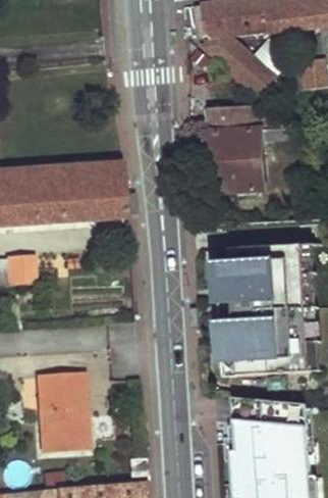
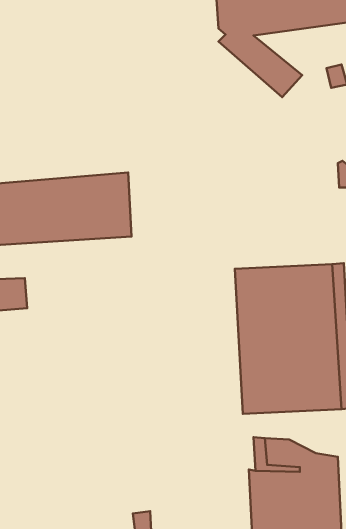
building: [208,99,285,192] -> none
building: [36,372,87,452] -> none

